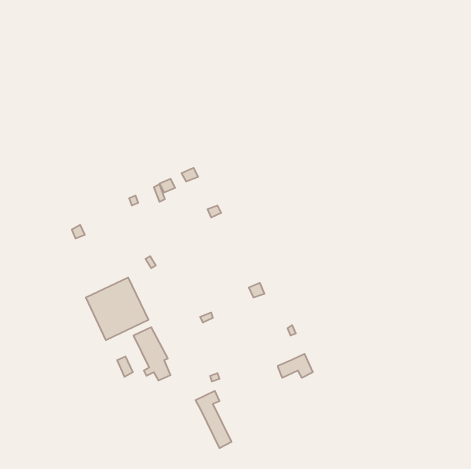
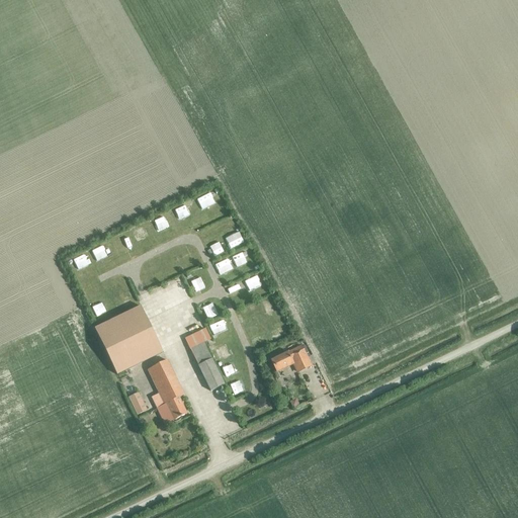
building: [278,354,313,378] -> [271,345,310,371]
building: [195,391,231,448] -> [184,327,224,390]

